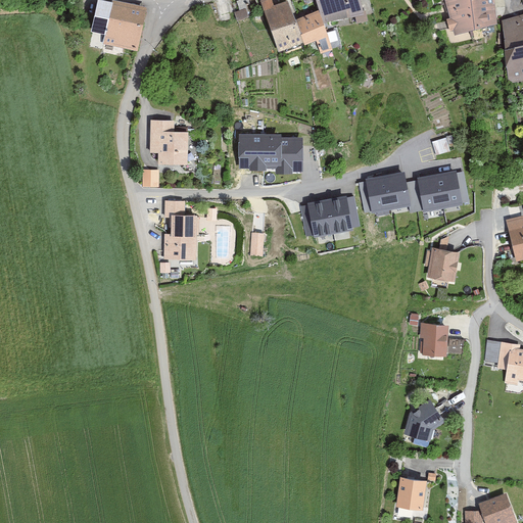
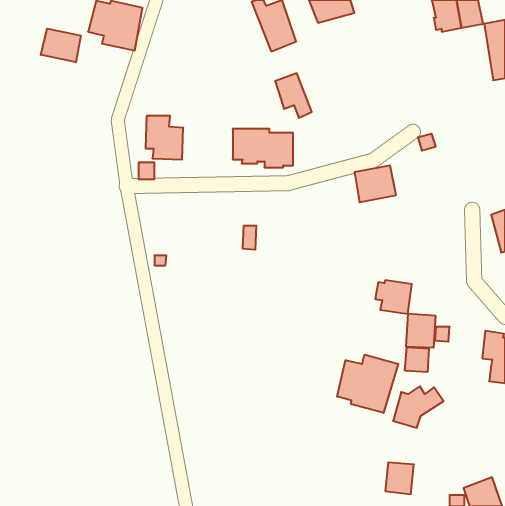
building: [297,10,335,56] -> [275,73,312,118]
building: none -> [41,29,81,62]
building: [418,171,461,207] -> none
building: [301,196,351,235] -> none
building: [163,200,197,259] -> none
building: [423,248,461,283] -> [375,280,412,314]
building: none -> [405,347,429,372]
building: none -> [337,355,398,413]

